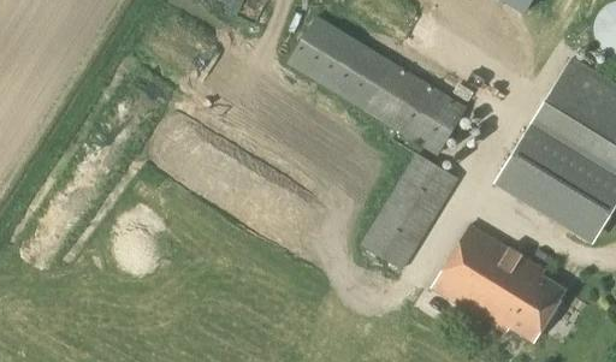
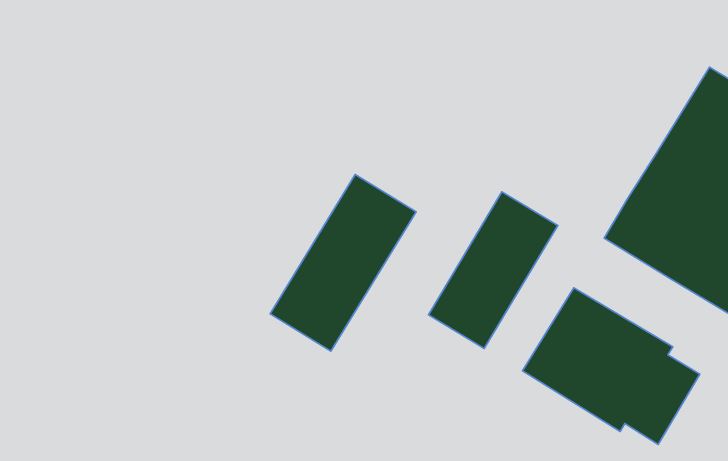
building: [289,16,466,153] -> none
building: none -> [270,175,416,351]

